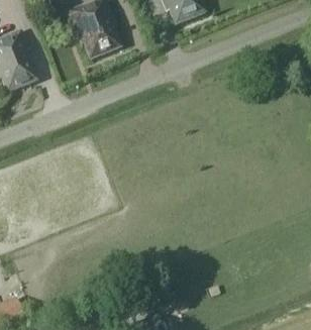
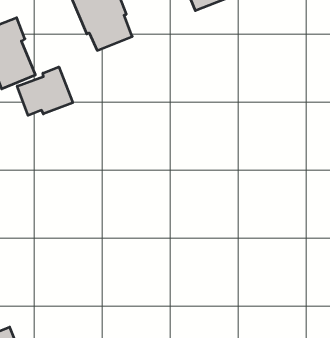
building: none -> [17,67,73,115]

